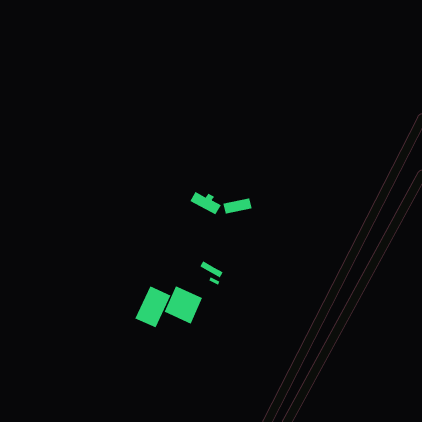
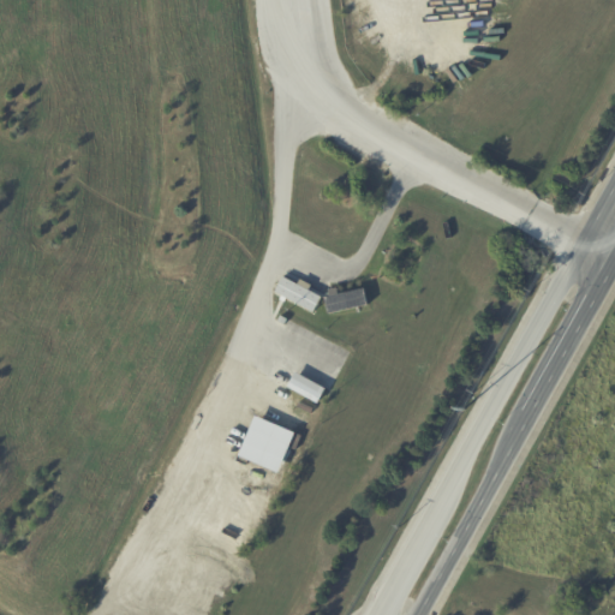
building: [135,286,171,328] -> none

